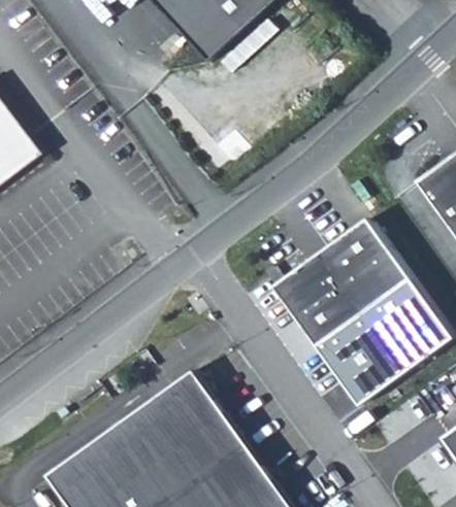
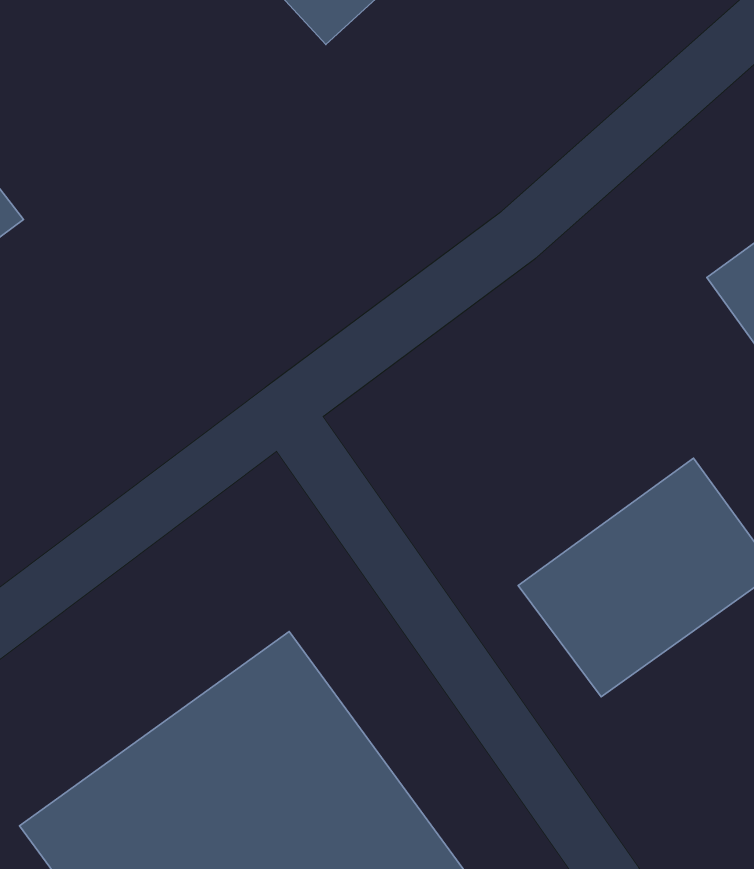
building: [271,218,409,346] -> none

